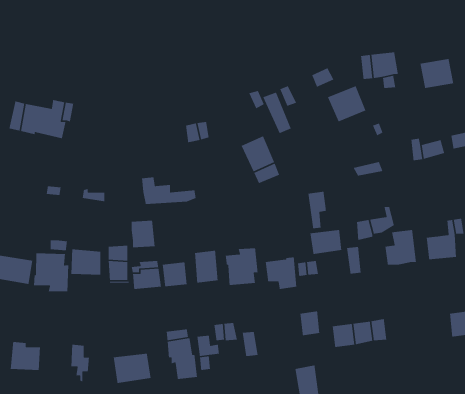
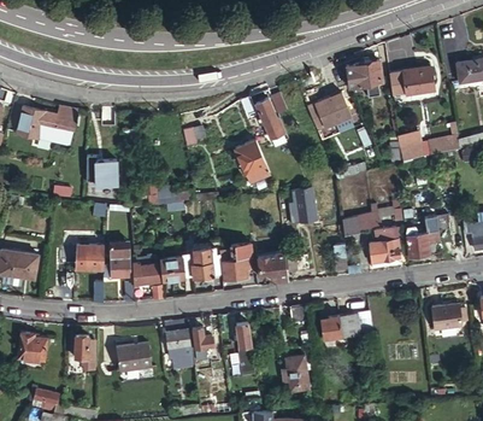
building: [131,220,155,248] -> [95,160,118,187]
building: [310,229,342,255] -> none
building: [33,252,69,292] -> none

